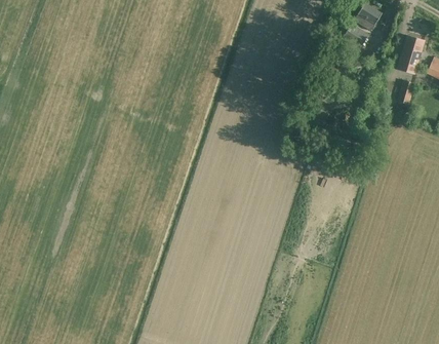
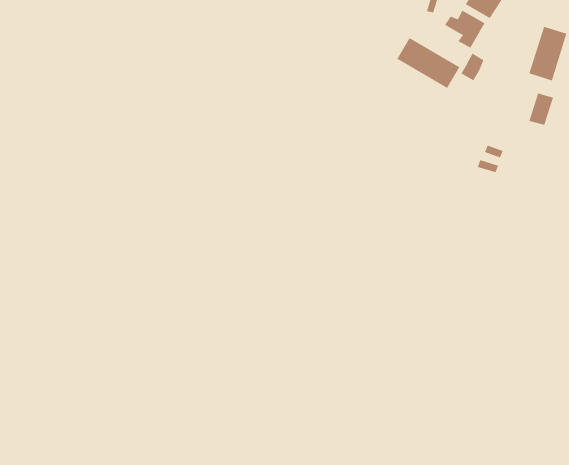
building: none -> [396,37,460,89]

